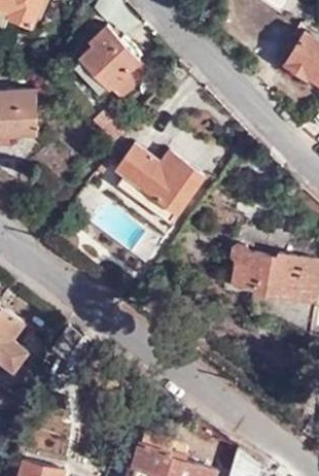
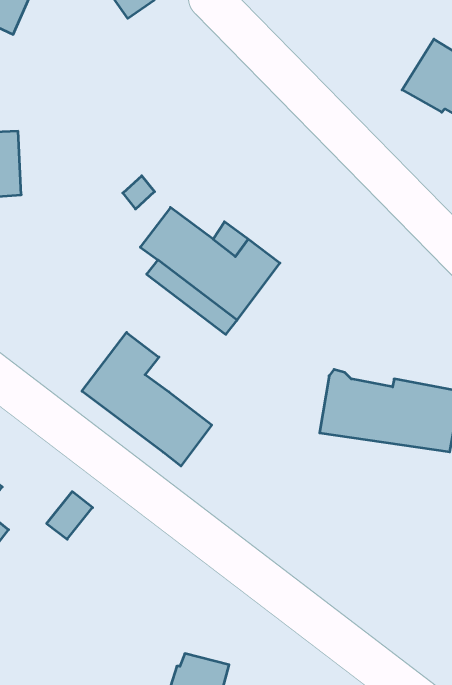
building: [76,26,149,98] -> none
building: none -> [82,332,212,466]

